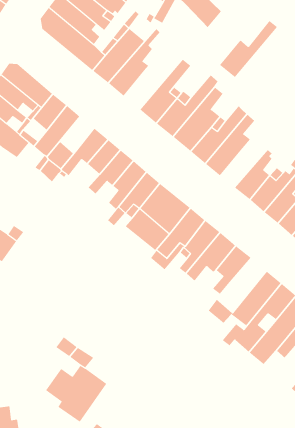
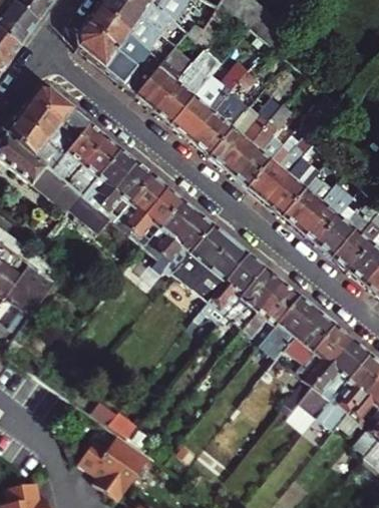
building: [219,20,278,78] -> [171,74,239,140]
building: none -> [98,148,137,190]
building: none -> [282,180,336,229]
building: none -> [294,310,335,353]

